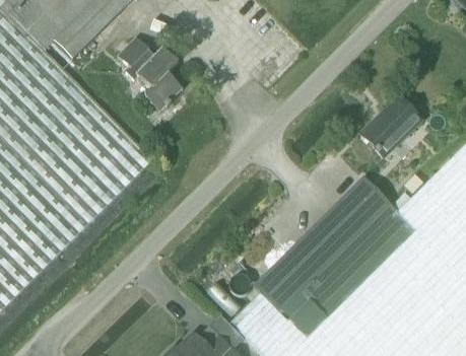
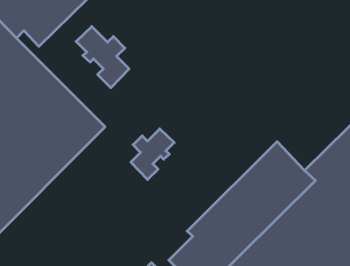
building: [359,98,420,160] -> none
building: none -> [131,129,174,180]

